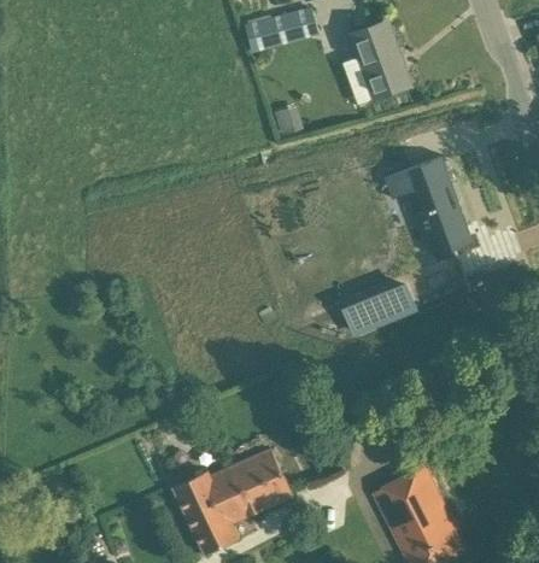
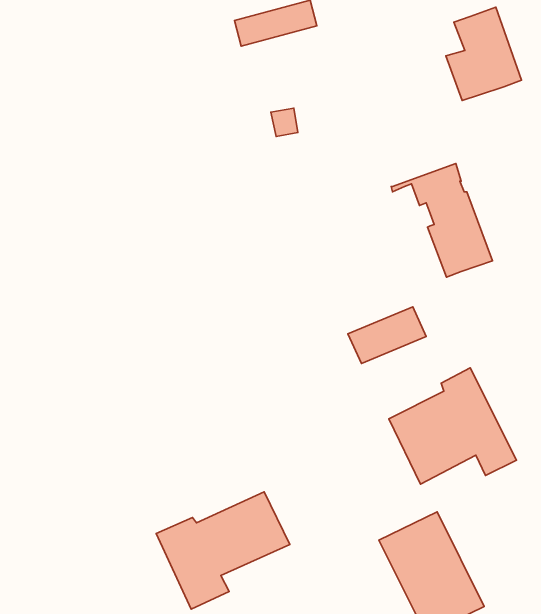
building: [342,20,410,104] -> [446,7,521,100]
building: none -> [389,368,516,484]

